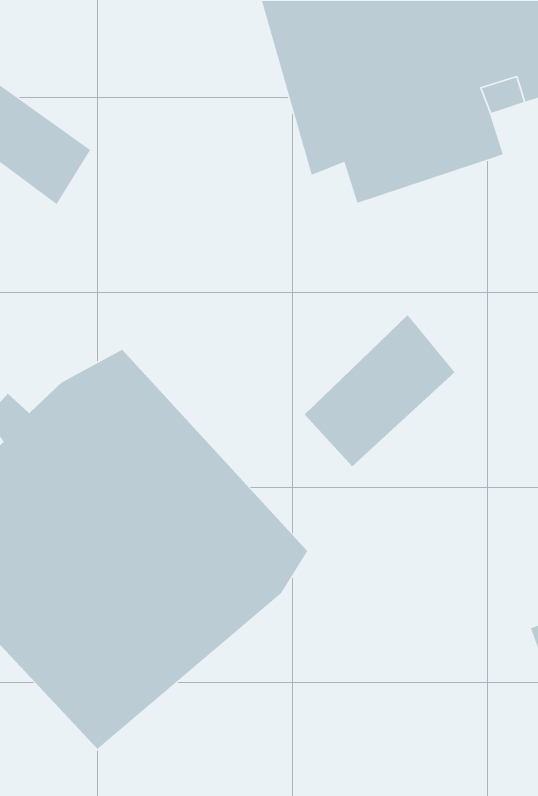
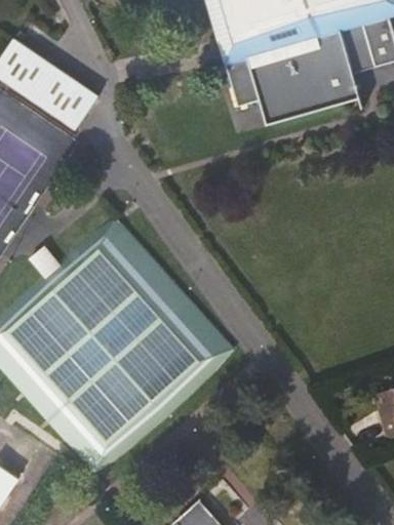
building: [304,314,456,467] -> none

